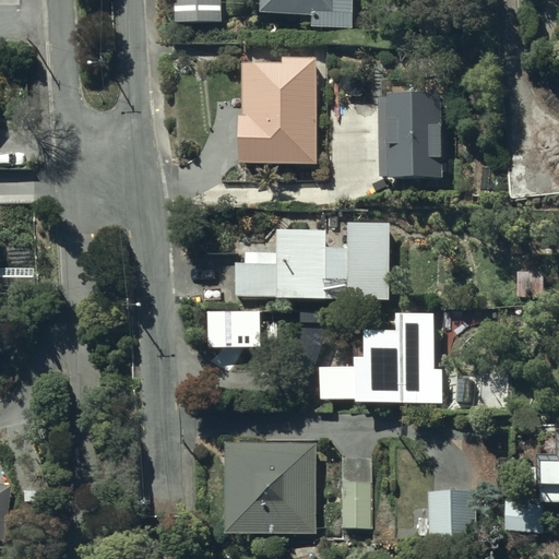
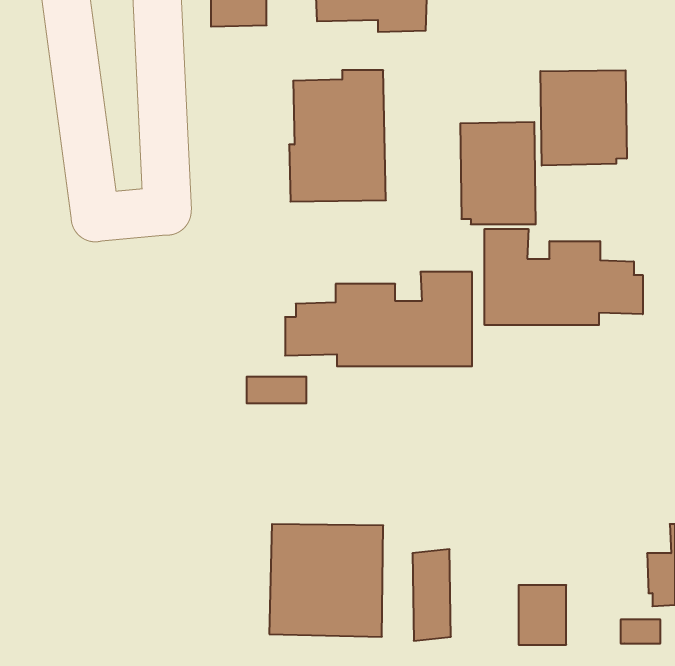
building: none -> [540,70,627,166]
building: none -> [485,229,643,325]
building: [320,310,442,407] -> none

